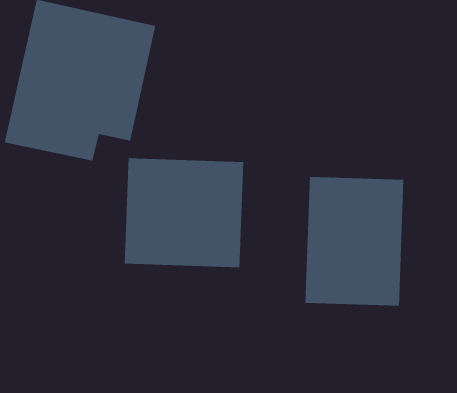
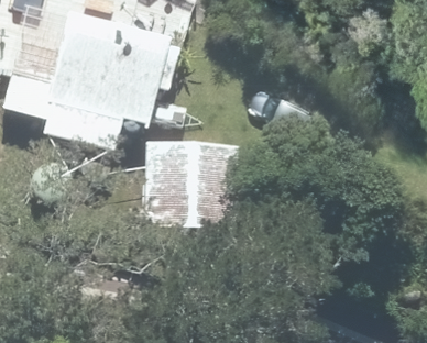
building: [305,176,404,307] -> none

